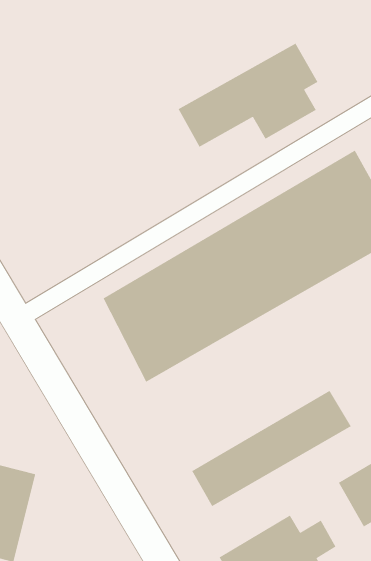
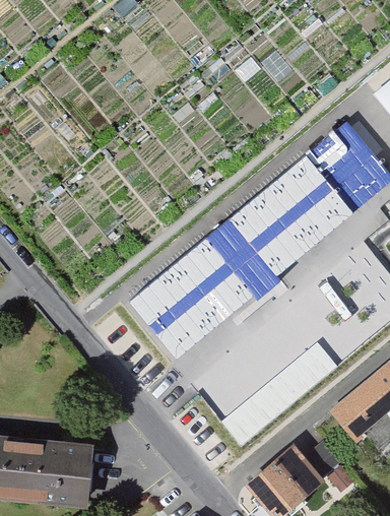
building: [177,43,319,148] -> none

